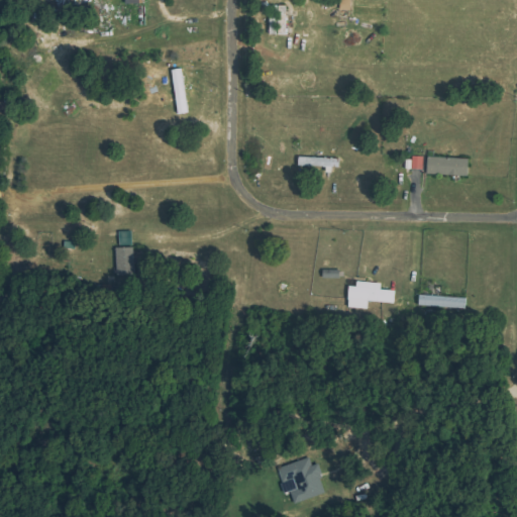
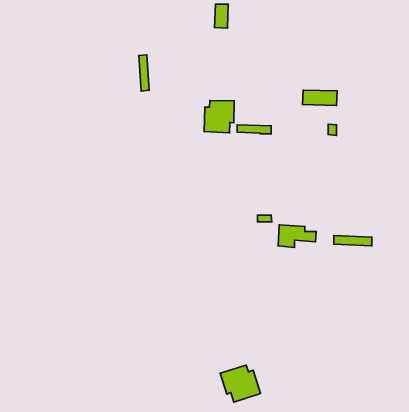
building: none -> [204,100,234,133]
building: [426,157,470,176] -> [302,90,337,105]
building: [114,231,138,276] -> none

